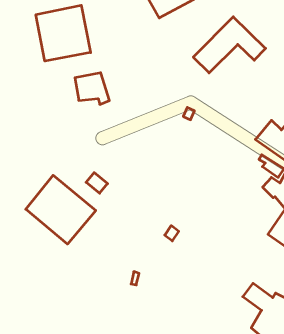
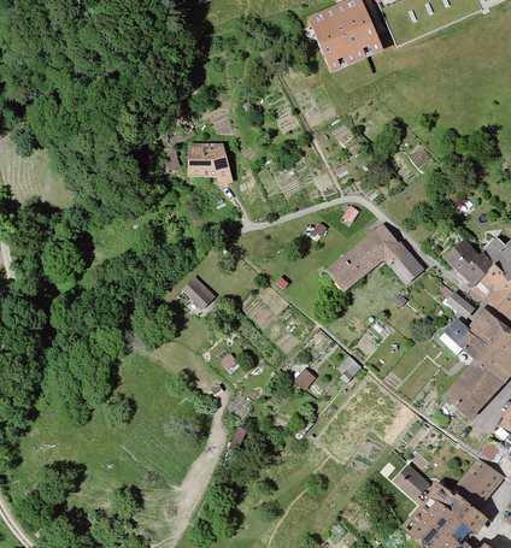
building: [36,5,91,61] -> none
building: [193,17,266,73] -> [321,219,424,294]
building: [26,175,96,244] -> none

